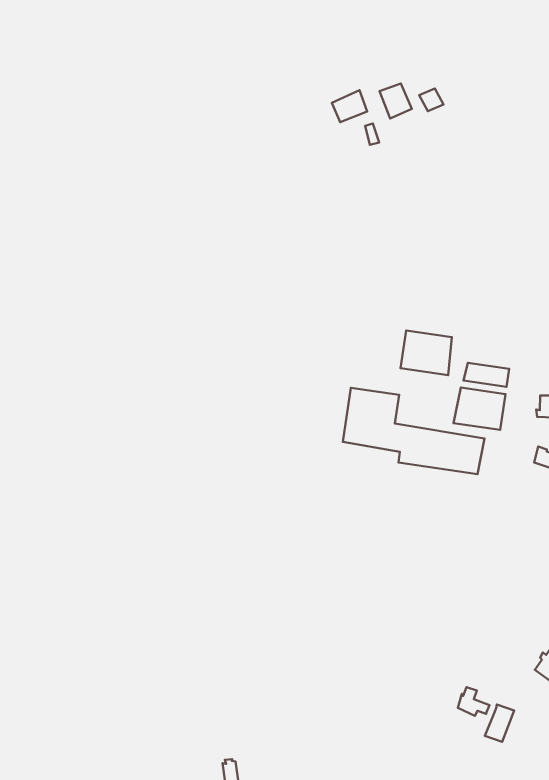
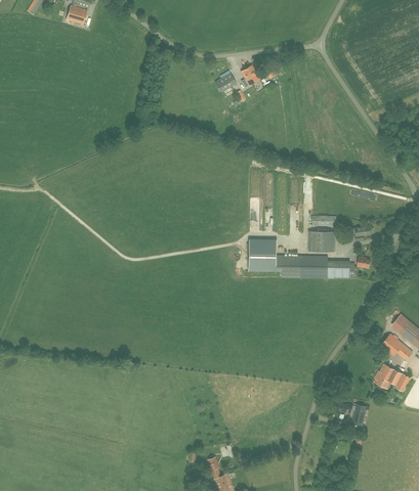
building: [401,331,452,375] -> none

